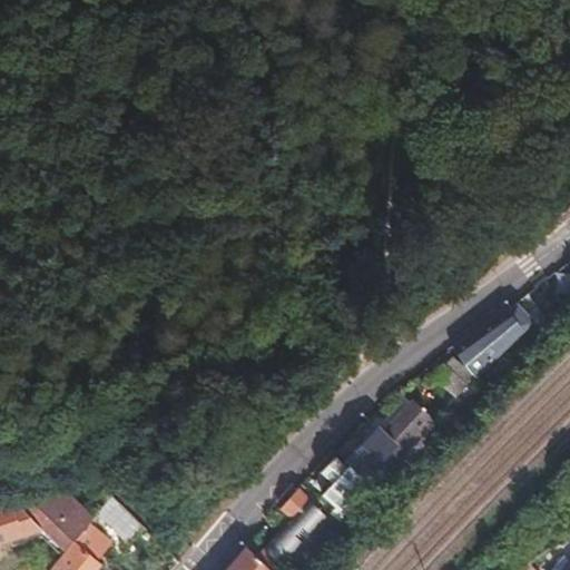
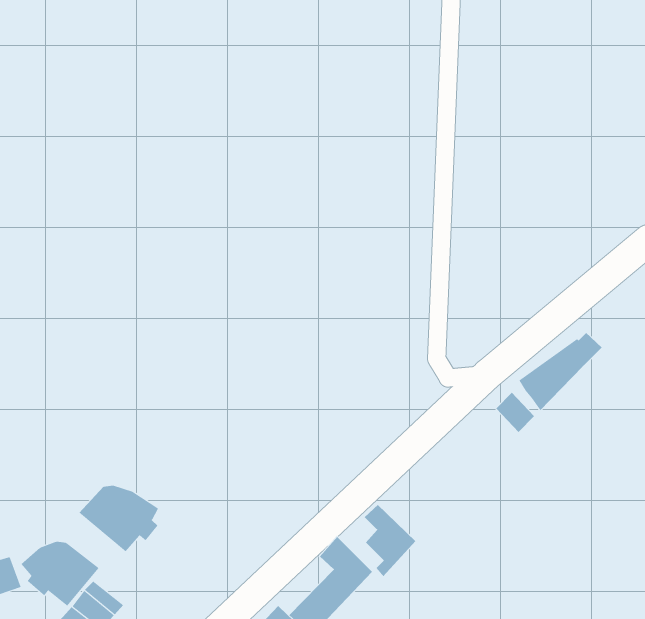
building: [350,405,434,478] -> none
building: none -> [78,485,159,552]

